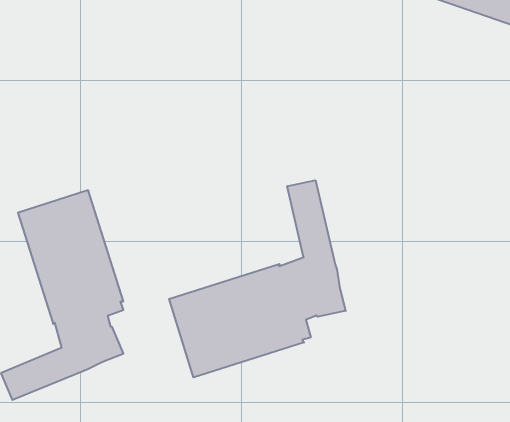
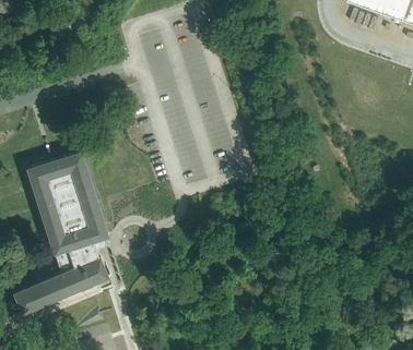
building: [169,180,346,377] -> none

